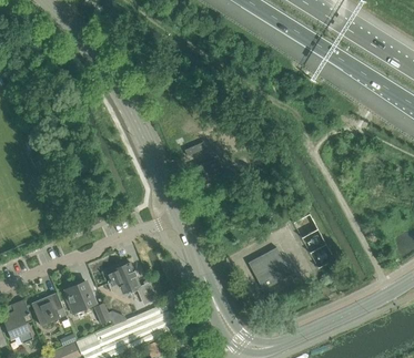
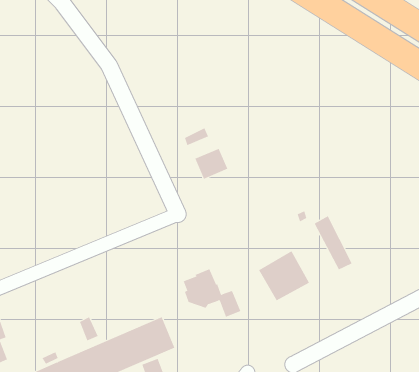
building: [107,263,156,305] -> [183,268,241,318]
building: [64,280,97,314] -> none
building: [32,293,67,325] -> none

